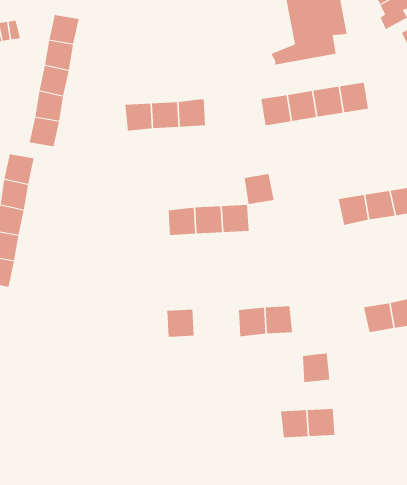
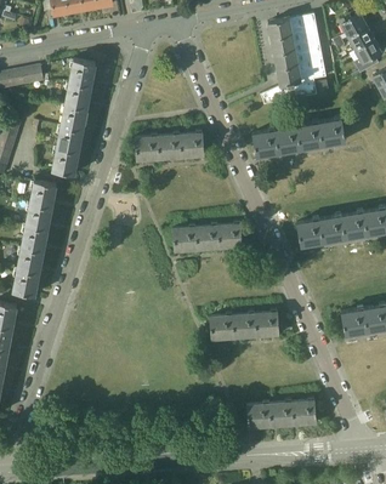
building: [244,173,275,204] -> [297,220,324,246]
building: [166,309,195,337] -> [210,315,234,340]
building: [302,353,330,383] -> [248,403,272,428]

